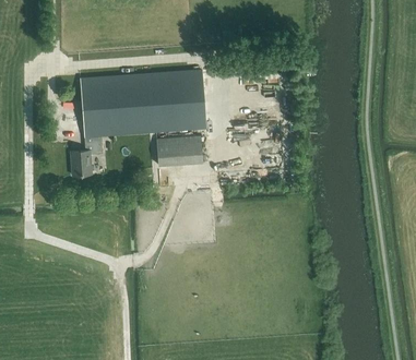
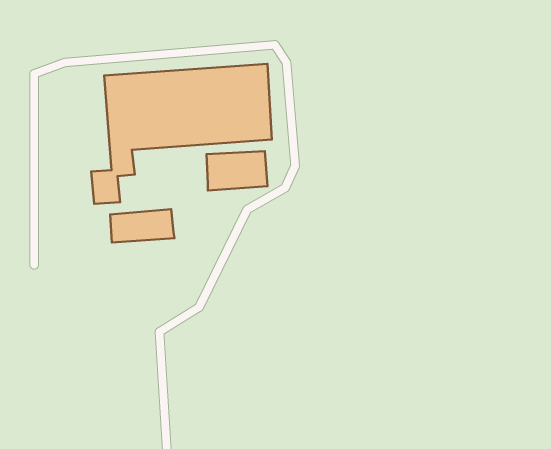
building: none -> [110,209,175,243]

